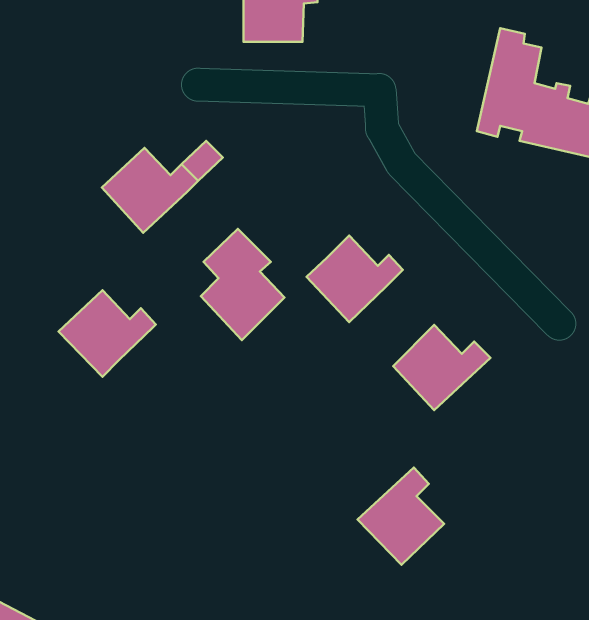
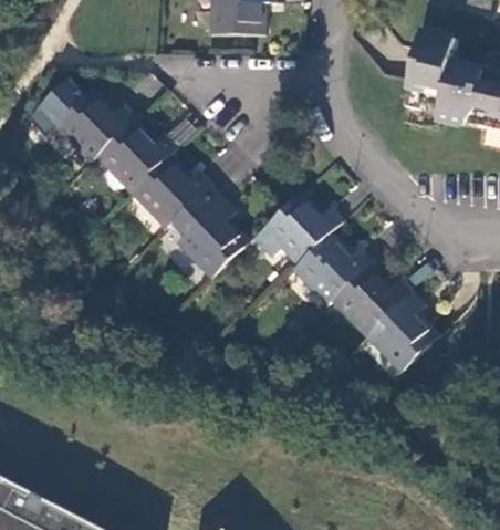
building: none -> [28,82,137,159]
building: none -> [293,233,371,302]
building: [58,290,156,377] -> [132,157,210,227]
building: [358,467,444,565] -> [366,291,436,370]

